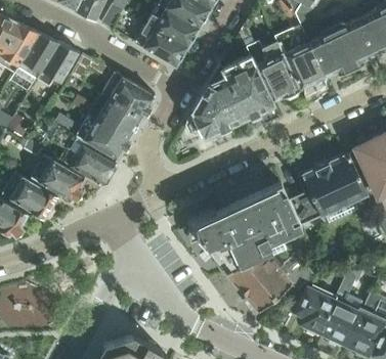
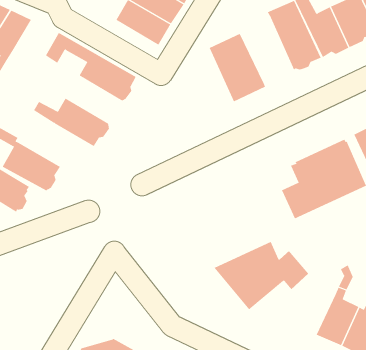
building: [250,41,299,101] -> none
building: [36,43,79,87] -> none
building: [186,64,244,138] -> none
building: [74,94,141,138] -> none
building: [52,126,117,184] -> none
building: [195,183,301,271] -> none
building: [296,283,337,332] -> none

